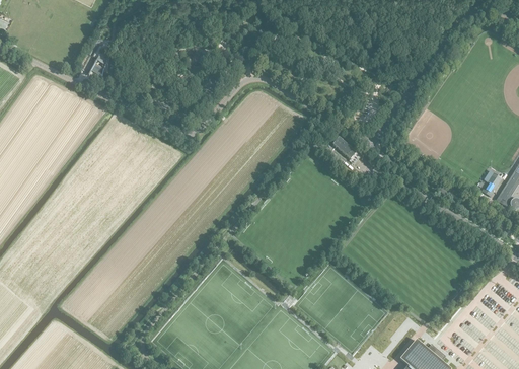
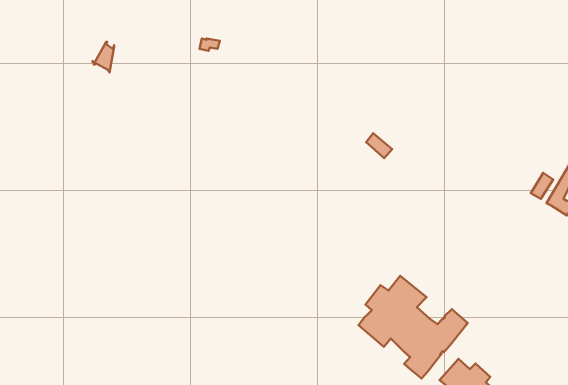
building: none -> [359,276,468,379]

